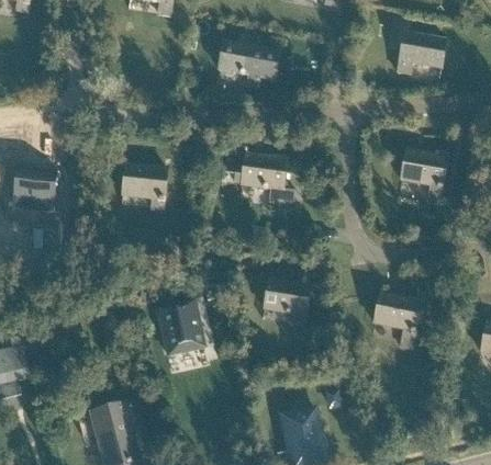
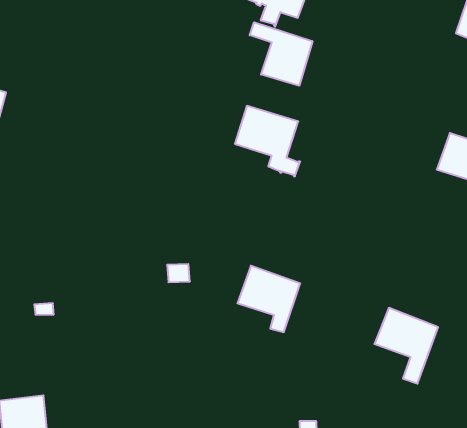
building: none -> [250,22,312,86]
building: [122,166,167,212] -> none
building: [157,305,205,356] -> none

